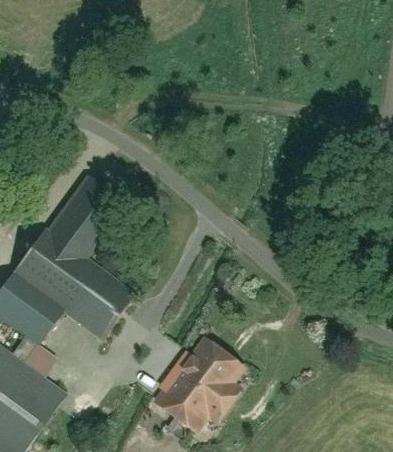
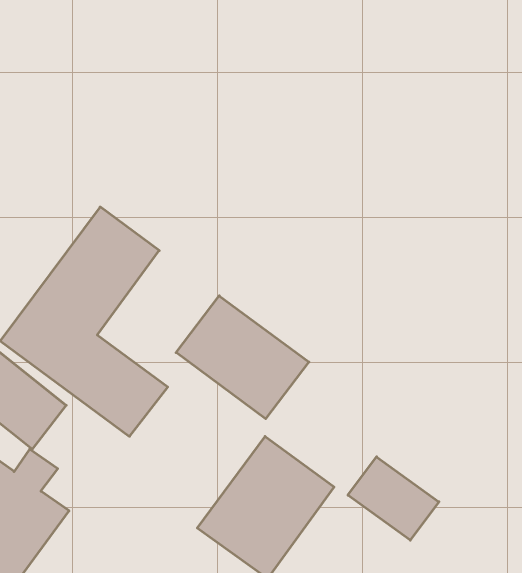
building: none -> [176,296,309,419]
building: none -> [348,457,439,540]

